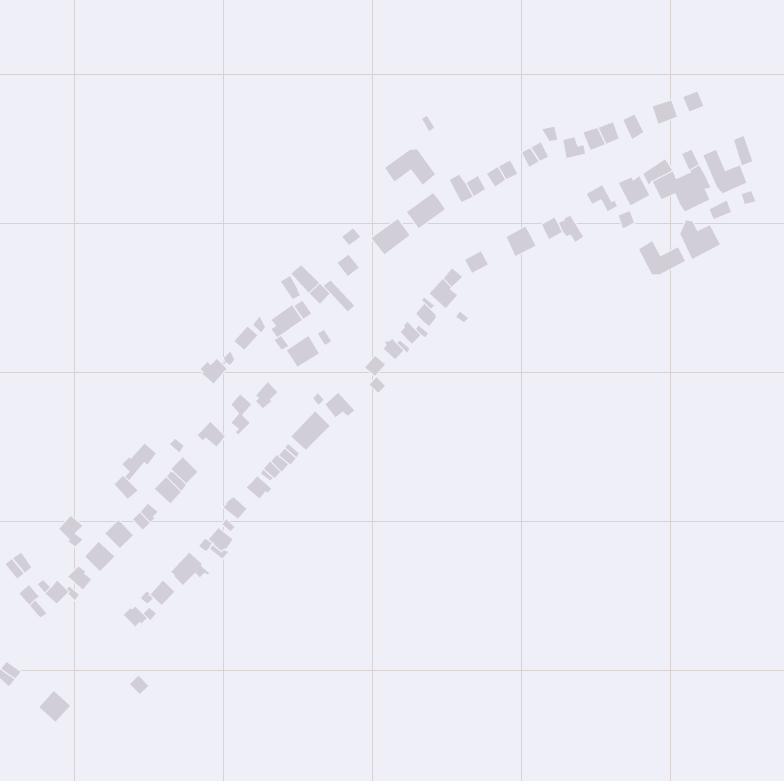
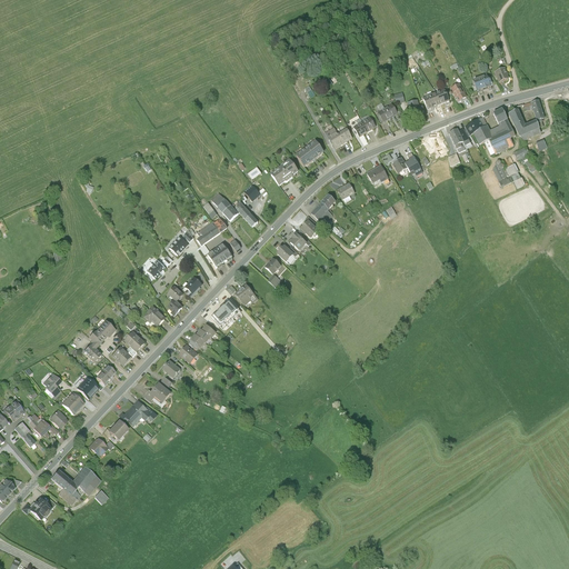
building: [384,149,436,186] -> none
building: [638,240,686,275] -> none
building: none -> [50,467,100,500]

